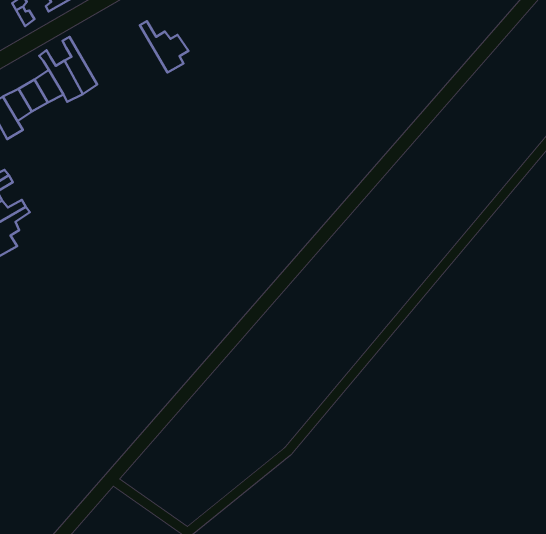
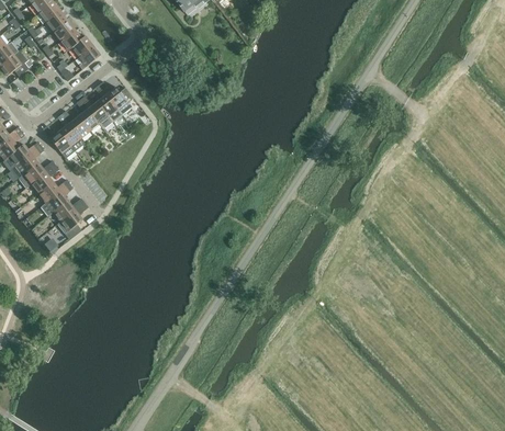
building: [140,21,188,73] -> [99,81,134,114]

